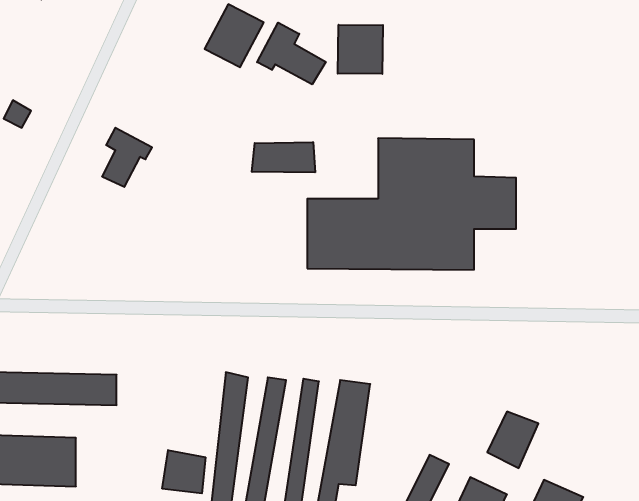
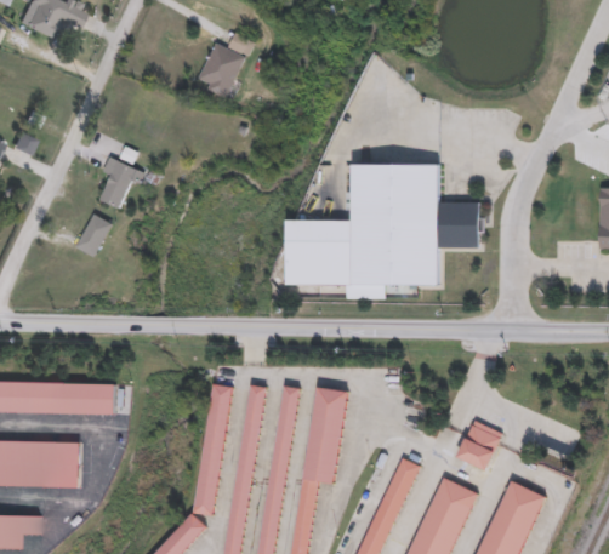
building: [257,23,326,84] -> none
building: [338,25,383,74] -> none
building: [252,142,315,172] -> none
building: none -> [74,216,113,259]
building: [162,450,205,493] -> none

